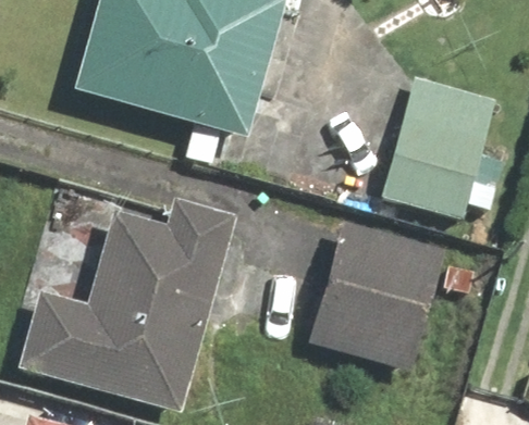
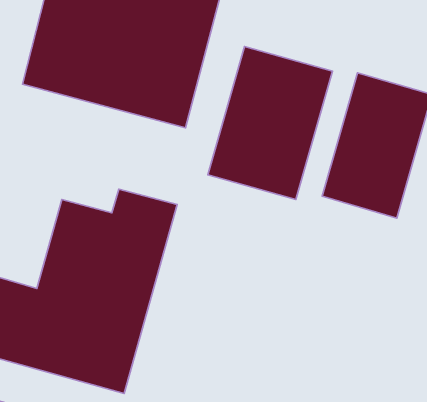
building: none -> [208,46,332,200]
building: [311,228,443,368] -> none

